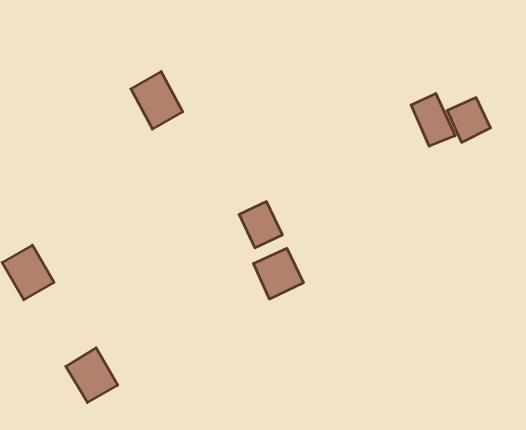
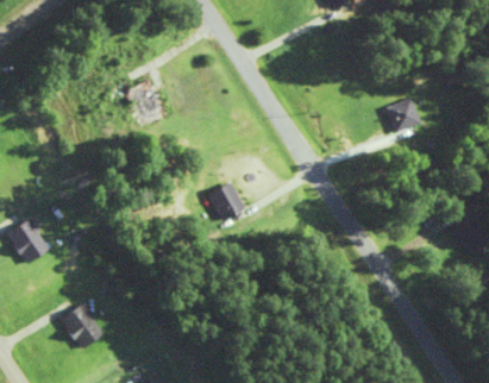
building: [411,93,455,146] -> none
building: [253,248,303,299] -> none

